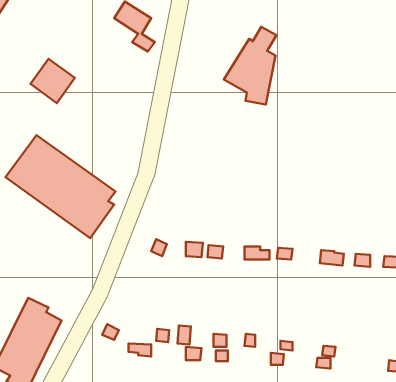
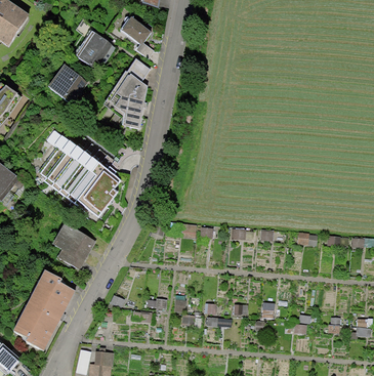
building: none -> [75,32,109,68]
building: [224,27,277,105] -> [105,61,150,128]
building: none -> [54,224,96,268]

